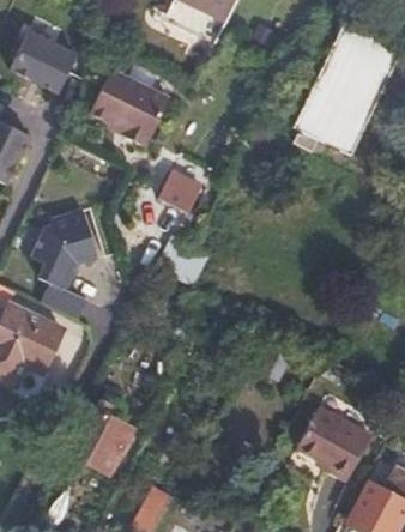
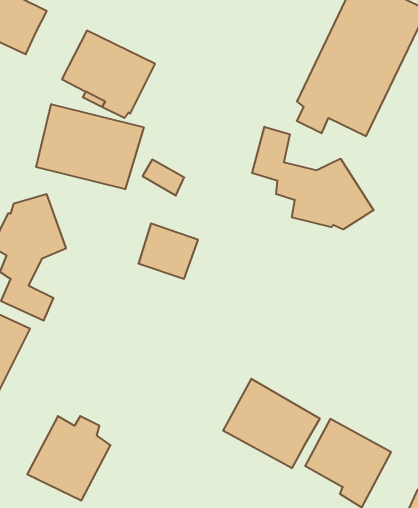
building: none -> [36,104,144,189]
building: none -> [252,127,374,229]
building: none -> [223,379,320,468]

